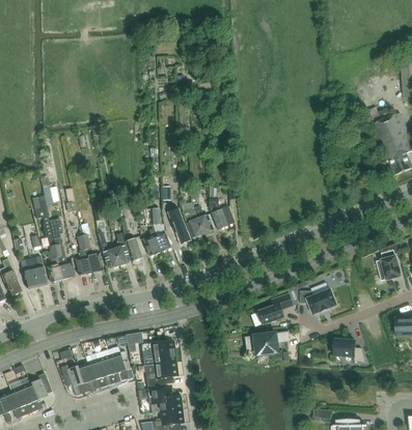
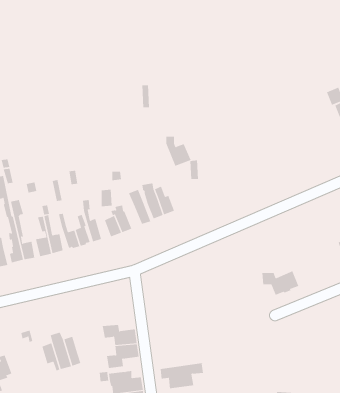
building: [208,199,234,229] -> [165,136,192,166]
building: [255,285,296,325] -> none
building: [244,331,287,356] -> [160,363,204,389]
building: [331,339,364,362] -> none
building: [106,347,132,381] -> none
building: [59,365,88,393] -> none

